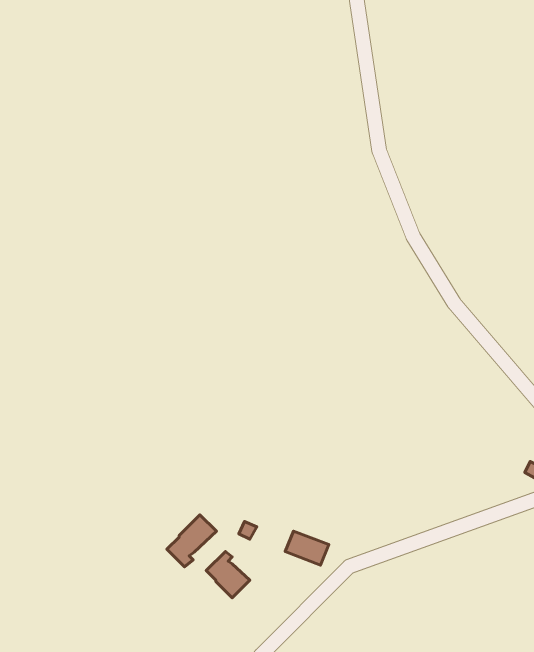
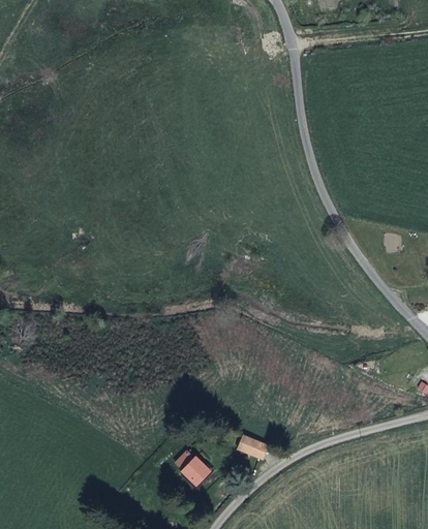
building: [167,515,216,567] -> none

